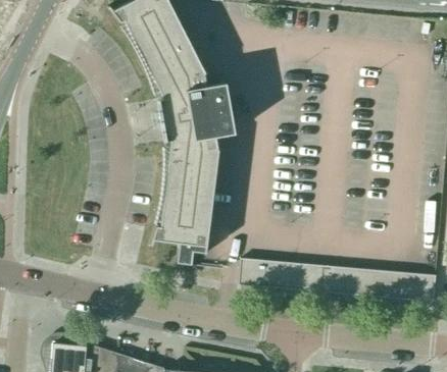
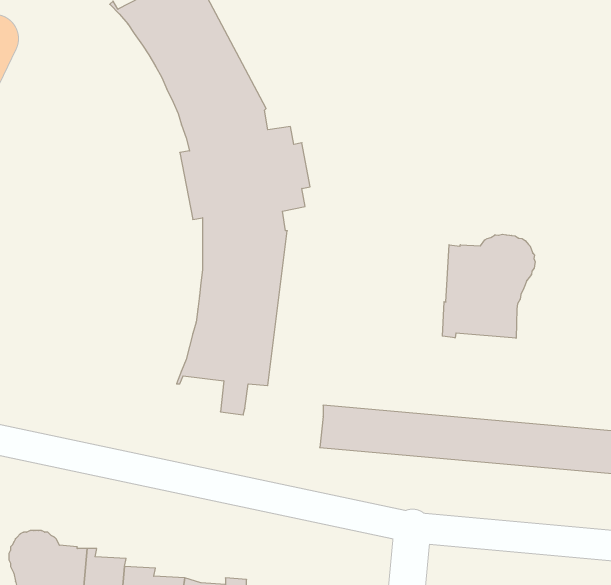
building: none -> [442,234,535,338]

